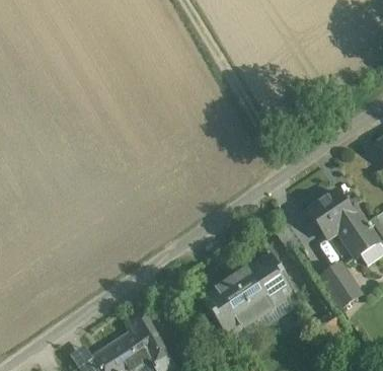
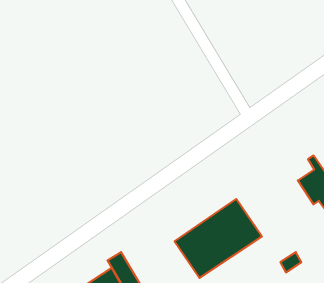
building: [309,192,355,238] -> none
building: [320,263,361,307] -> none

